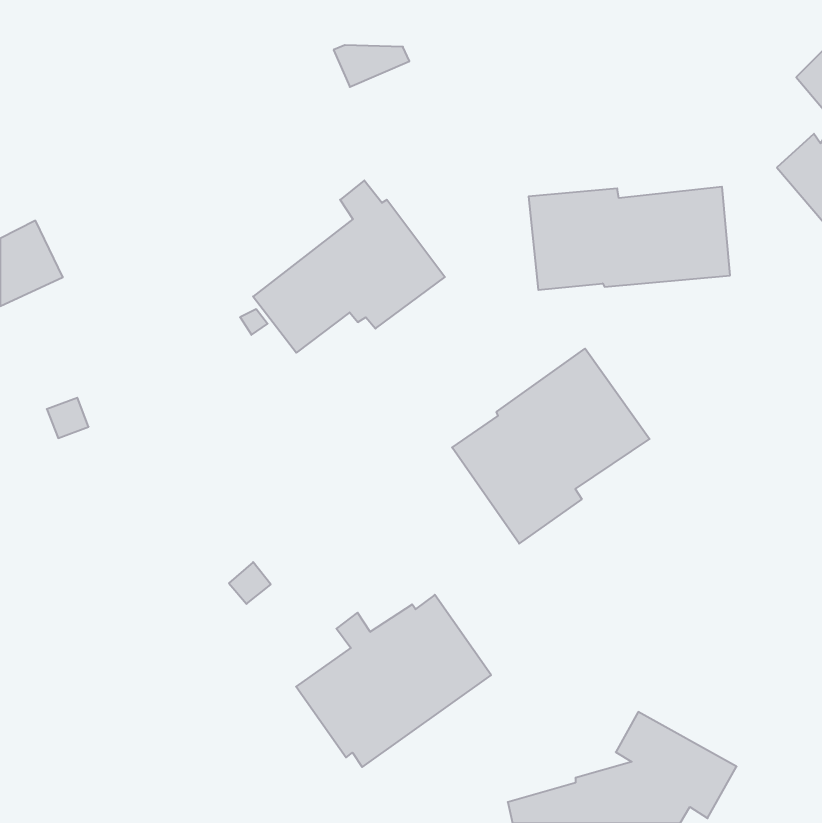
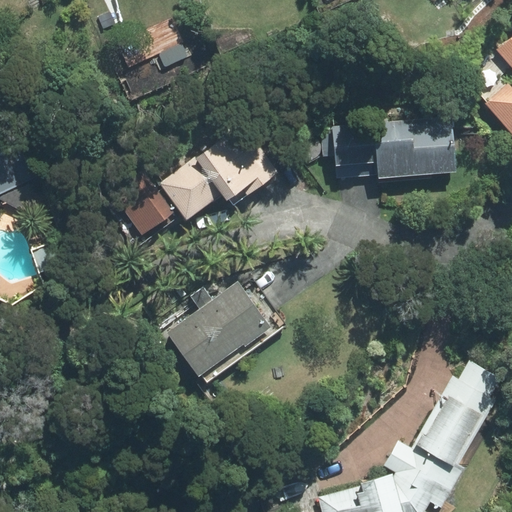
building: [452,349,650,544] -> none
building: none -> [414,362,498,469]
building: [296,595,491,767] -> [164,276,285,383]

